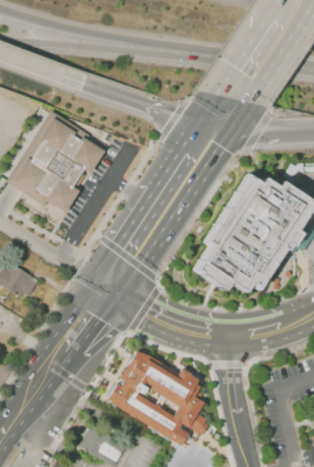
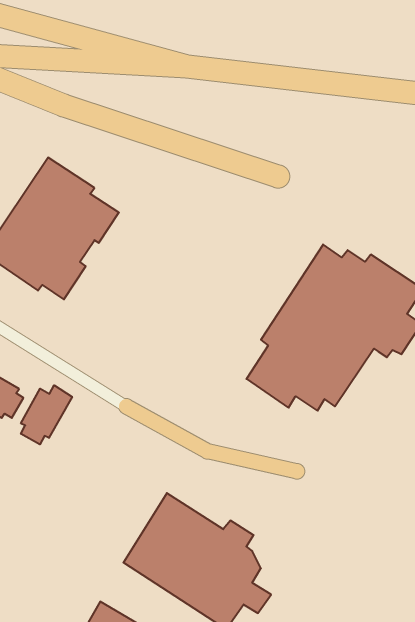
building: none -> [21,385,72,444]

